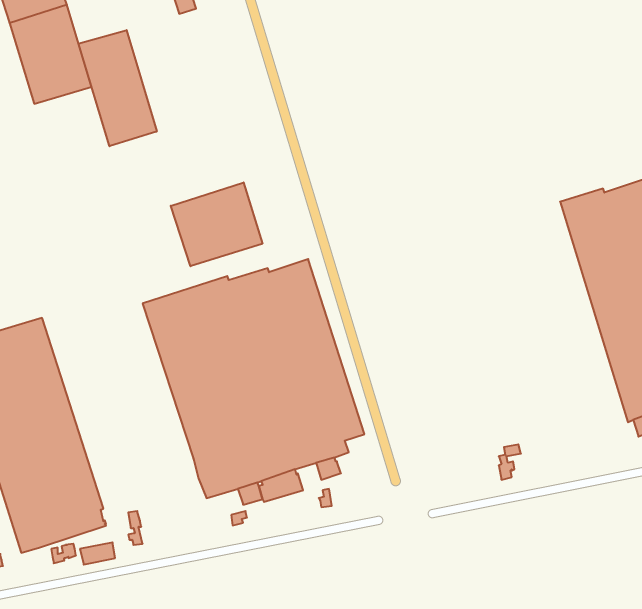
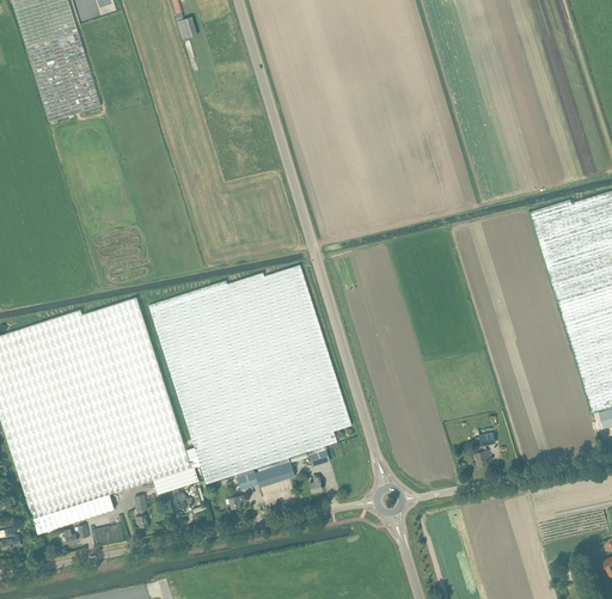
building: [79,30,157,146] -> none
building: [171,182,262,266] -> none
building: none -> [56,298,200,494]

